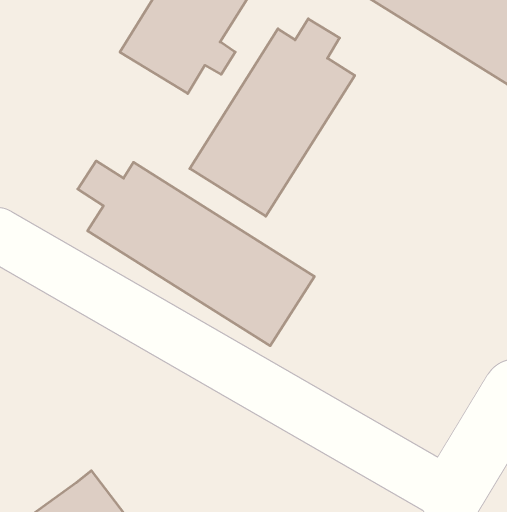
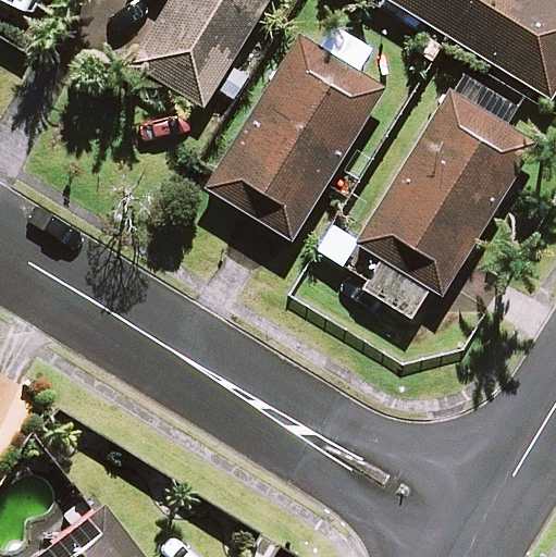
building: none -> [357,71,534,322]
building: [78,161,314,346] -> none

